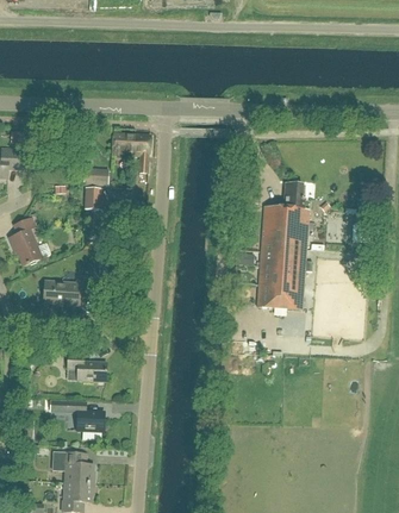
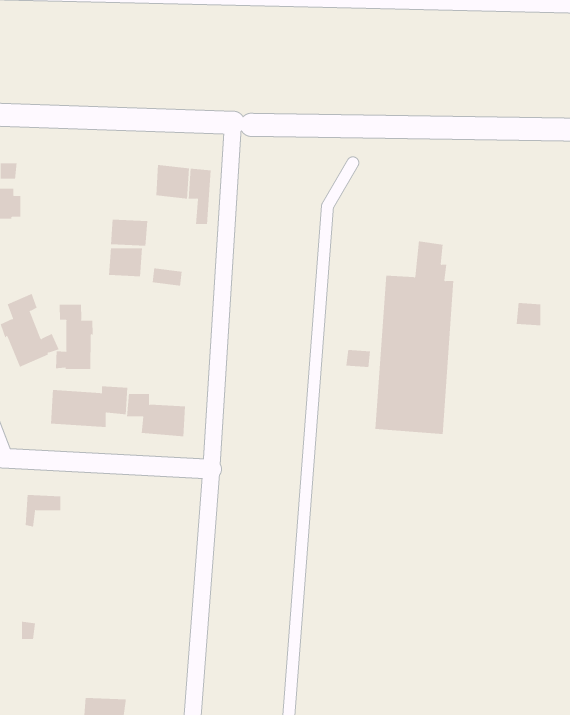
building: none -> [56,304,93,370]
building: [67,354,106,382] -> [126,393,186,437]
building: [66,400,104,431] -> none
building: [51,451,93,483] -> none

